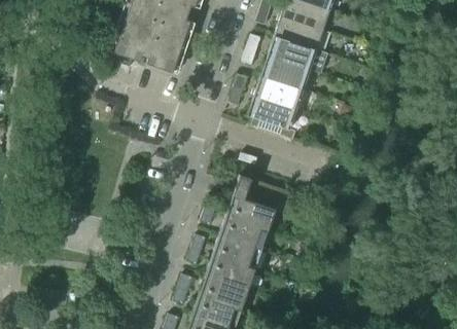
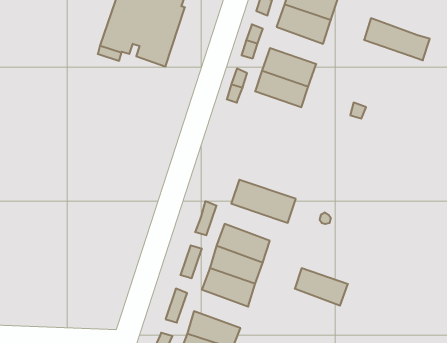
building: [268,36,327,74] -> [364,18,430,60]
building: [247,95,296,140] -> none
building: [226,196,275,230] -> [295,268,348,306]
building: [199,275,248,309] -> none

